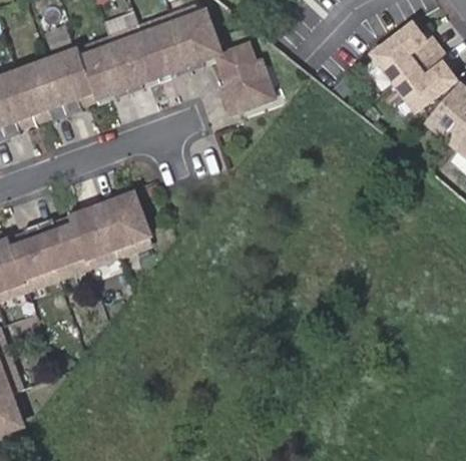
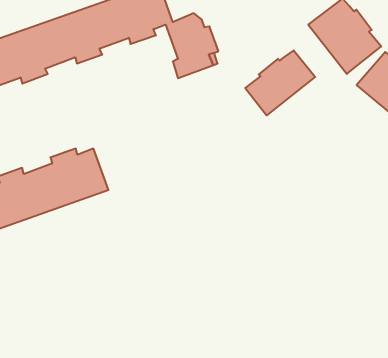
building: none -> [245,50,315,115]

